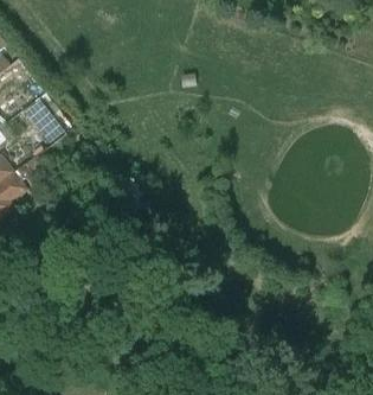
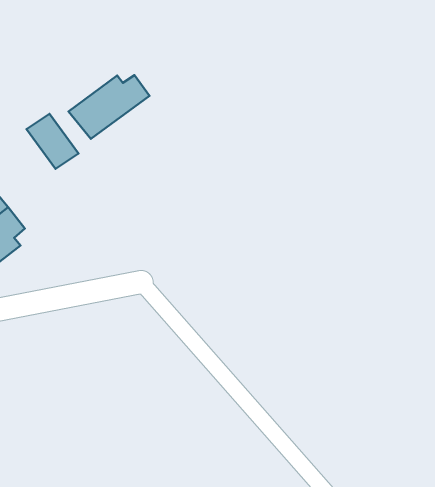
building: none -> [68,75,150,139]

